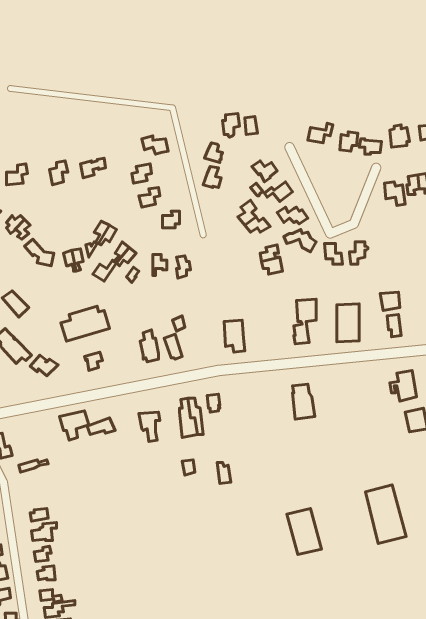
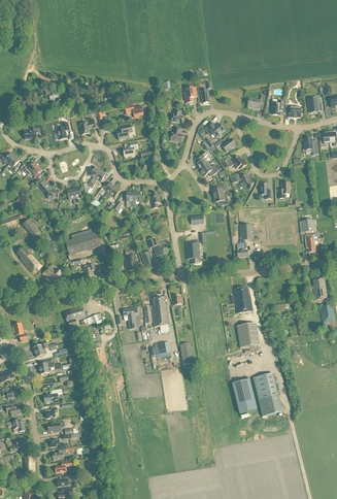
building: [337,304,359,342] -> none
building: none -> [236,322,259,346]
building: [366,485,406,543] -> [252,372,282,415]

